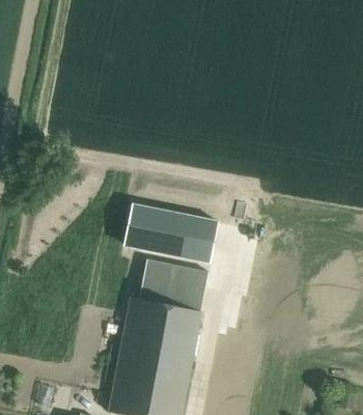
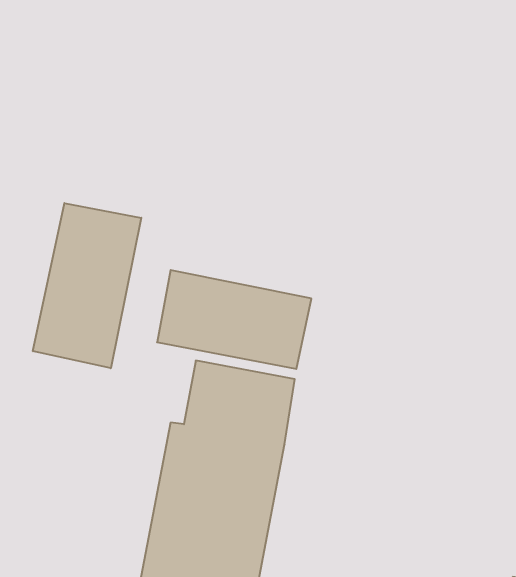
building: none -> [33,203,141,368]

